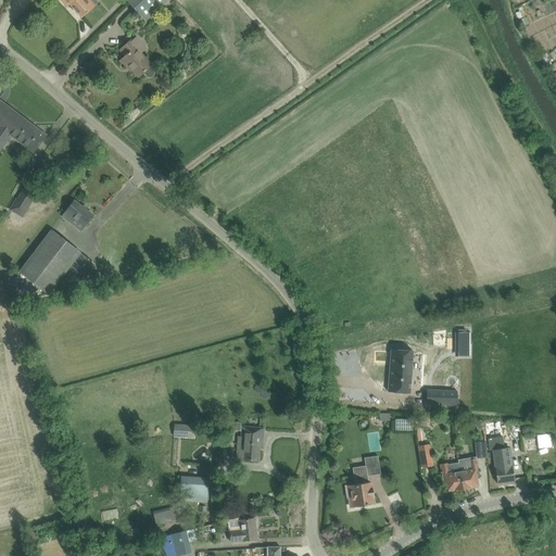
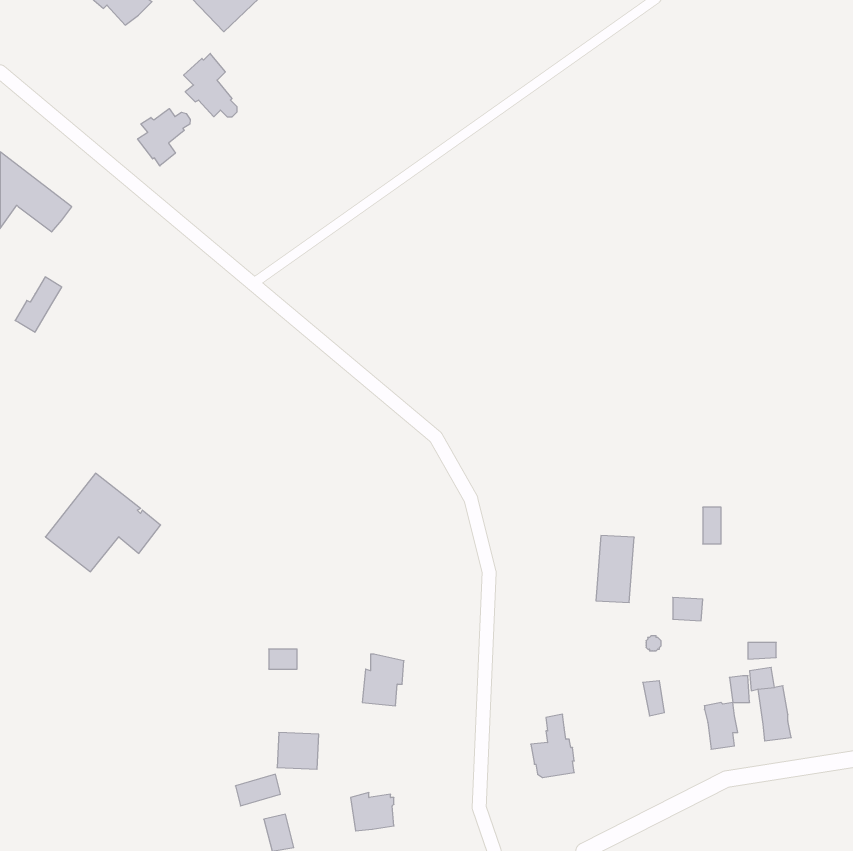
building: none -> [138,109,190,166]
building: [63,200,93,229] -> none
building: [18,229,93,293] -> [45,473,161,572]
building: [440,462,463,491] -> none

